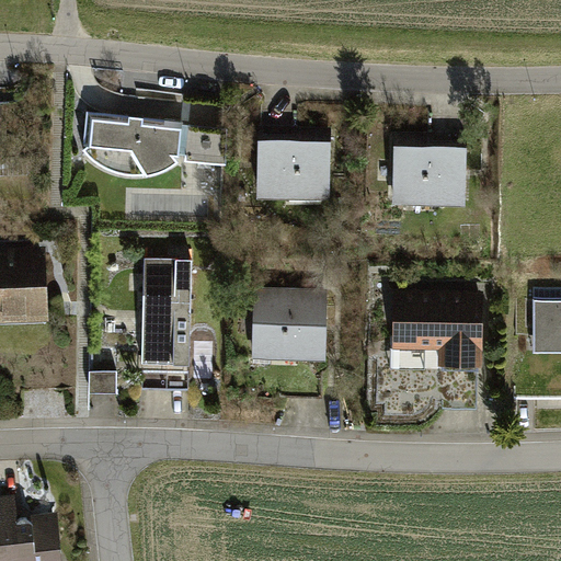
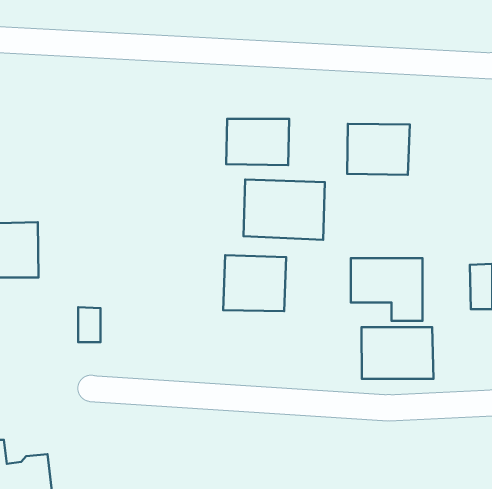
building: [82,116,226,181] -> none
building: none -> [244,180,325,240]
building: [142,265,190,367] -> none
building: none -> [362,327,433,379]

